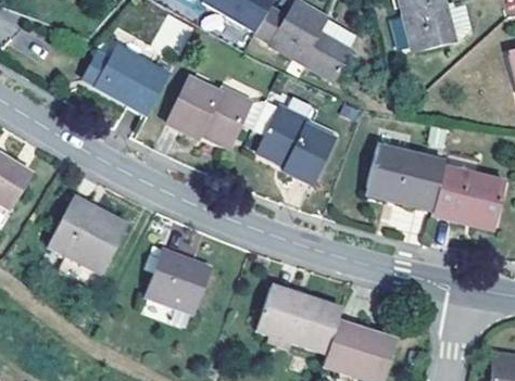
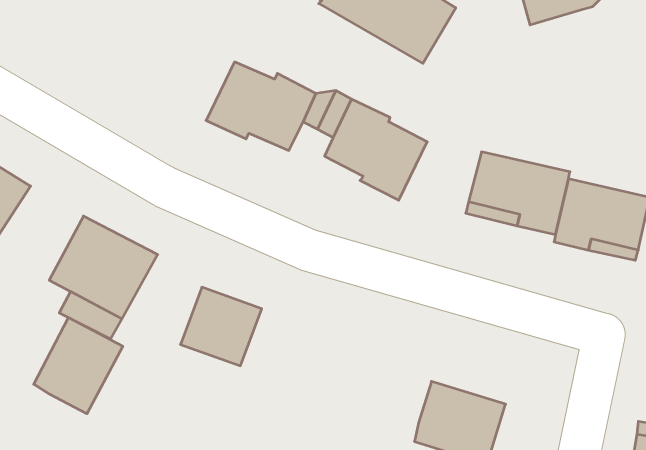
building: [81,46,168,115] -> none
building: none -> [34,318,123,414]
building: [255,284,342,352] -> none

